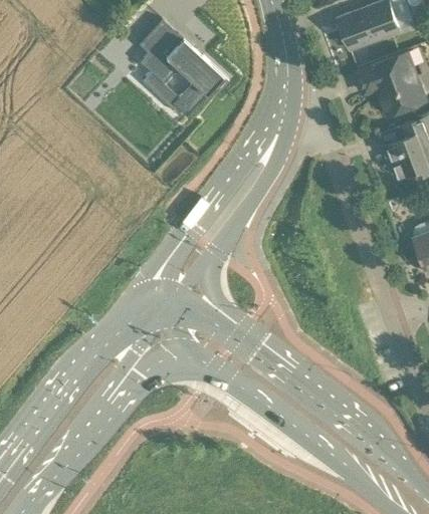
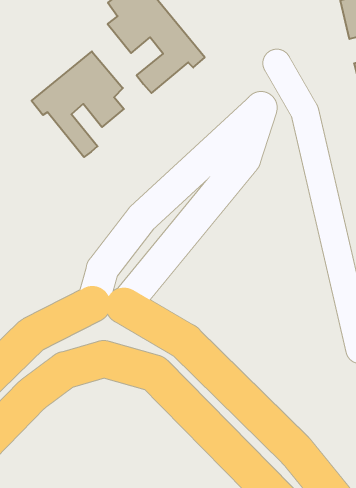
building: none -> [32,51,124,157]

